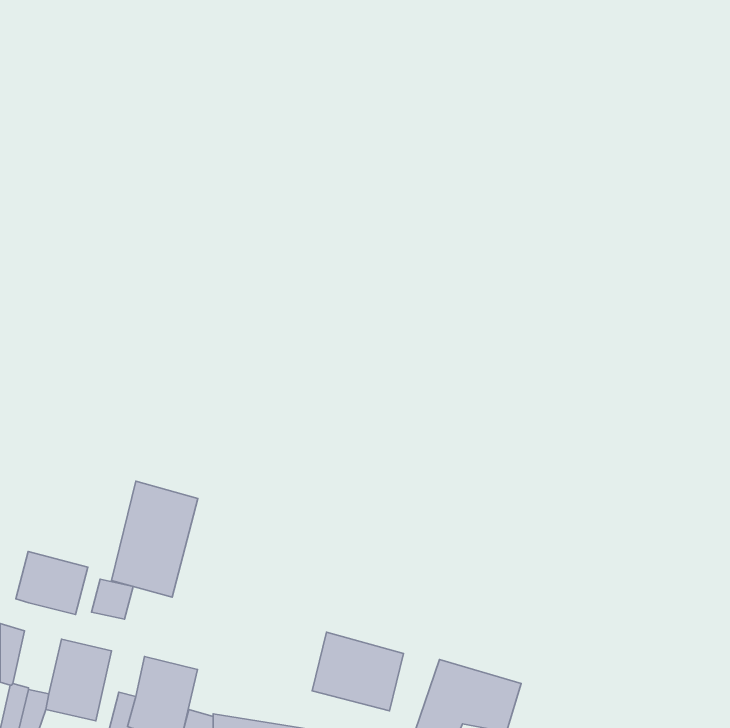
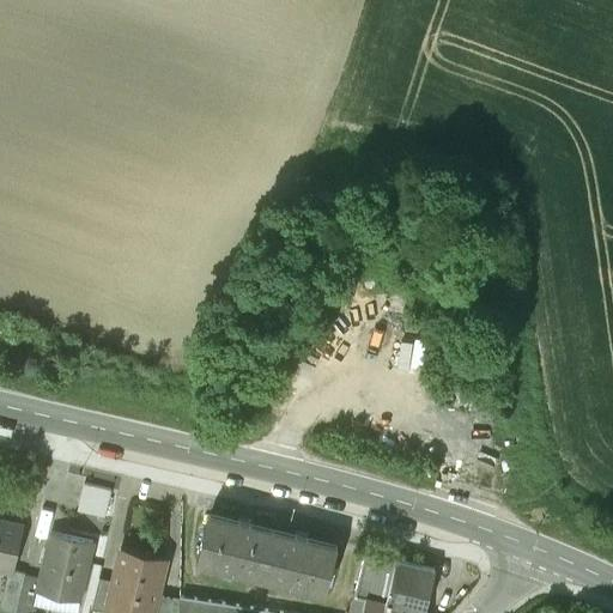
building: [112,481,198,597] -> none
building: [16,551,88,615] -> none
building: none -> [198,515,274,581]

